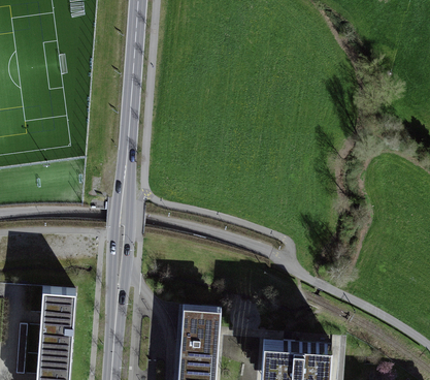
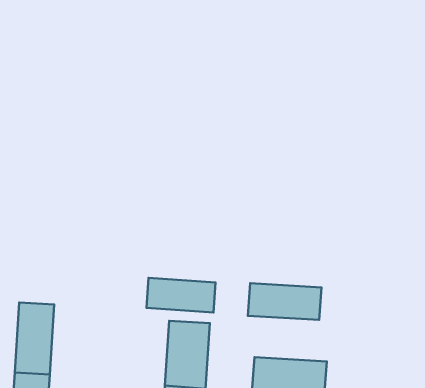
building: none -> [146,278,216,312]
building: none -> [248,283,321,320]

